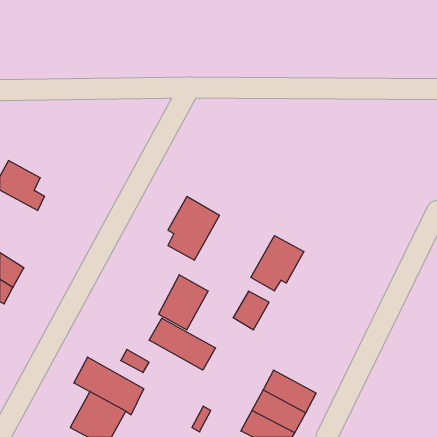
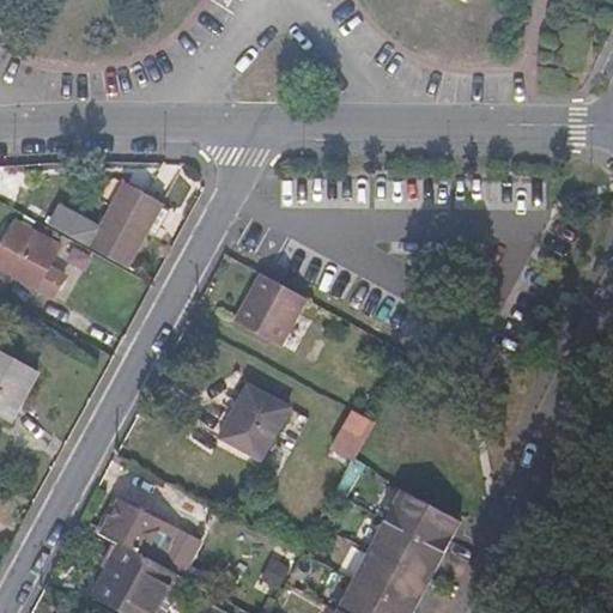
building: none -> [48,182,162,267]
building: [251,236,304,291] -> none
building: [149,318,216,370] -> none
building: none -> [382,486,459,548]

